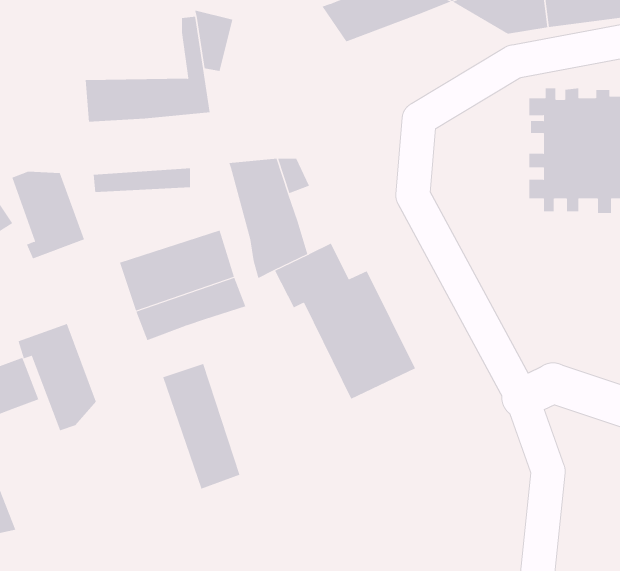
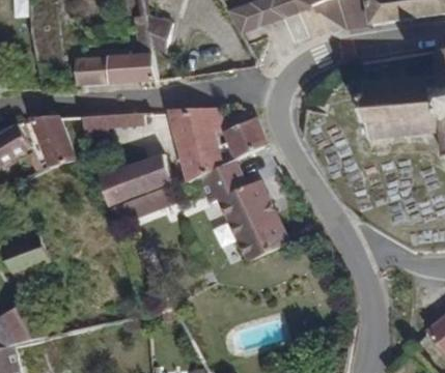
building: none -> [213,116,269,168]
building: [18,323,97,431] -> none
building: [162,363,240,489] -> none

